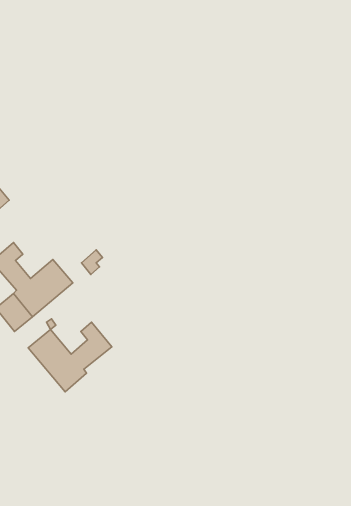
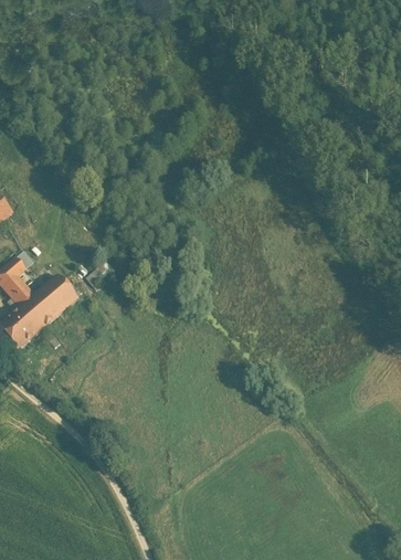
building: [28,322,112,392] -> none

